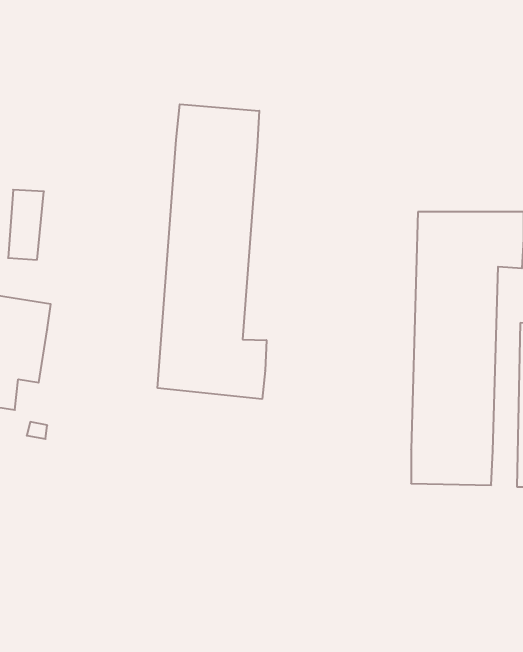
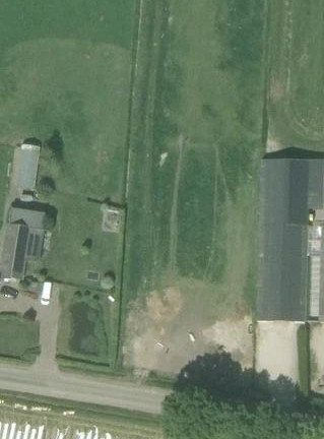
building: [158,104,266,399] -> none

